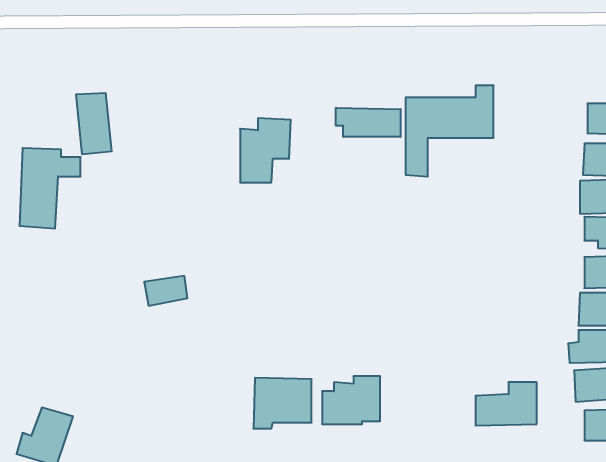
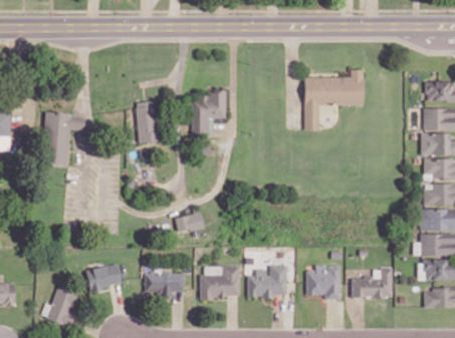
building: [76,93,112,154] -> [135,102,159,143]
building: [336,108,401,137] -> none
building: [144,276,187,306] -> [174,213,203,233]
building: none -> [85,264,122,291]
building: none -> [305,265,339,300]
building: none -> [145,272,185,297]

